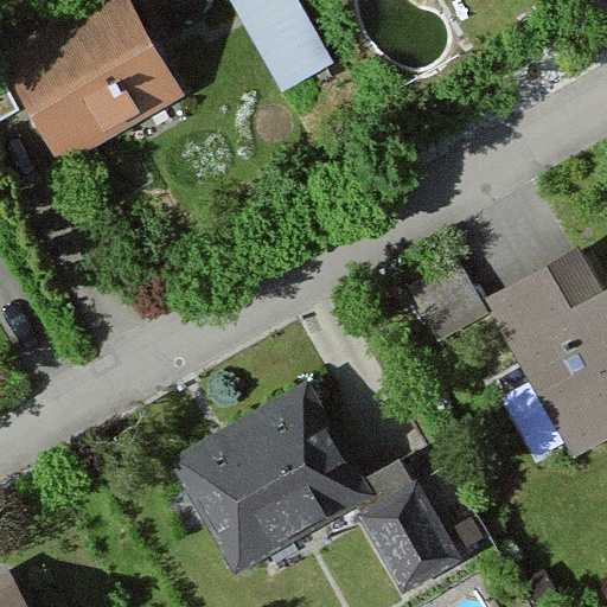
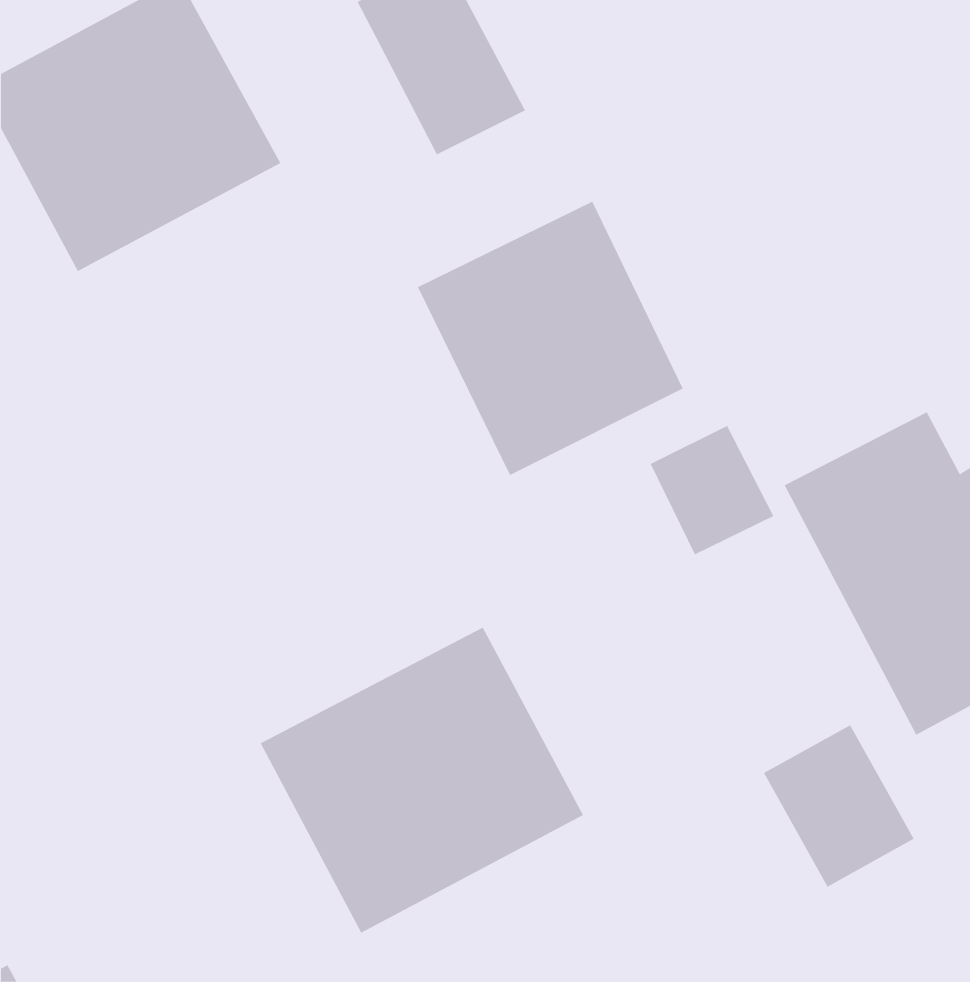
building: none -> [417,201,683,476]
building: [363,491,455,590] -> [763,724,914,887]

